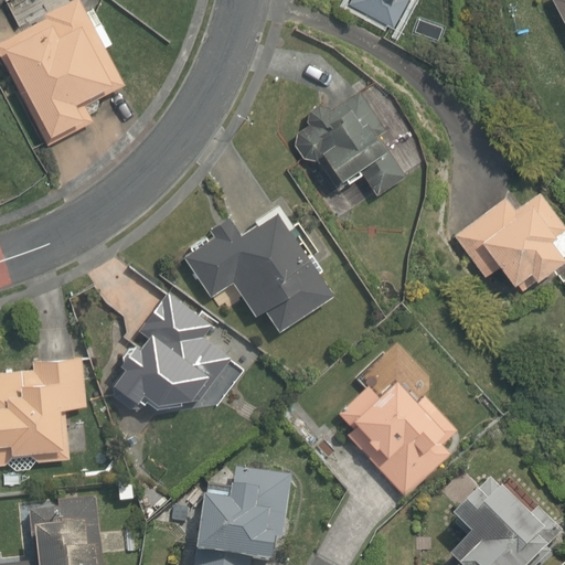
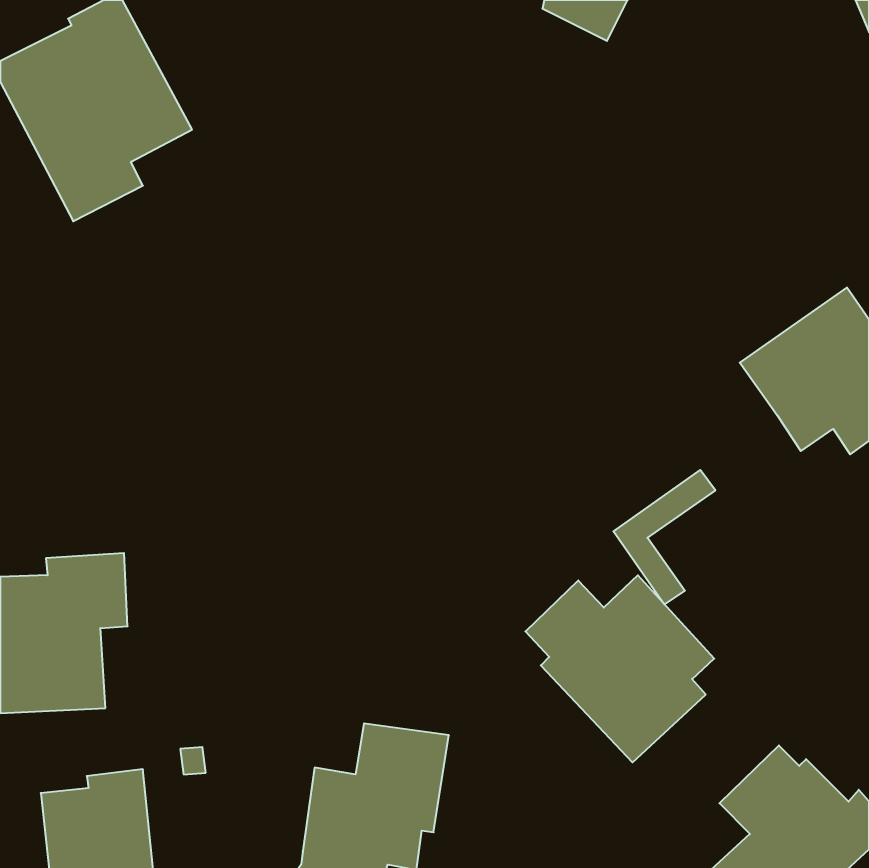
building: [292,92,403,198] -> none
building: [458,192,524,279] -> [613,470,715,604]
building: [183,211,328,331] -> none
building: [113,291,231,403] -> none

